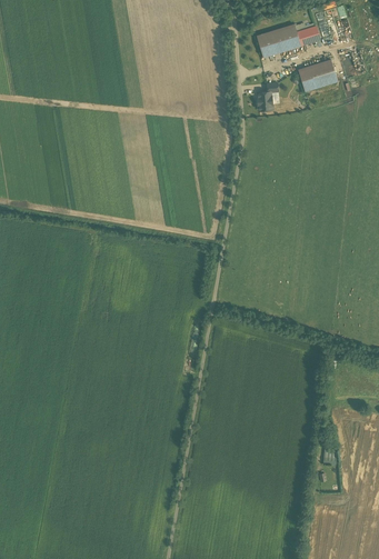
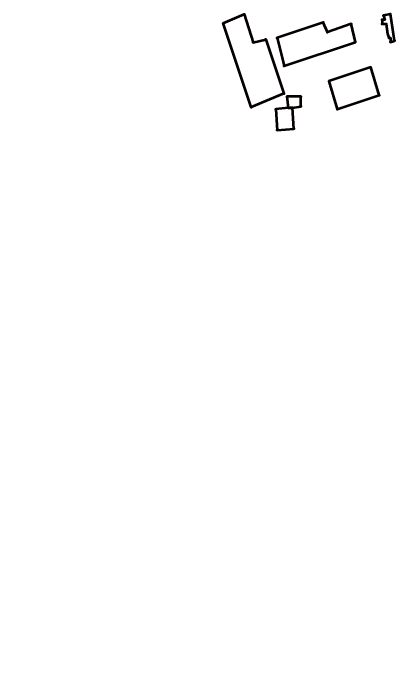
building: none -> [223,14,284,107]

